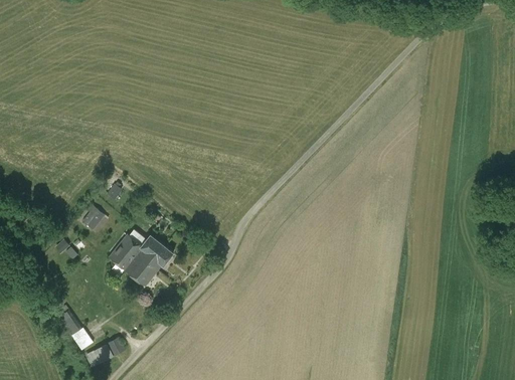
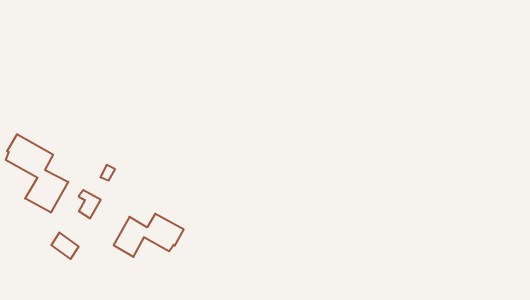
building: none -> [6,134,68,213]
building: [125,254,157,287] -> none

